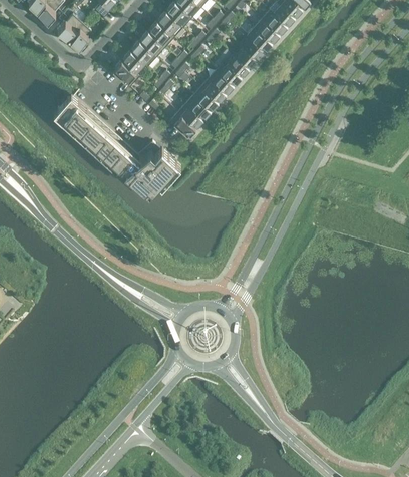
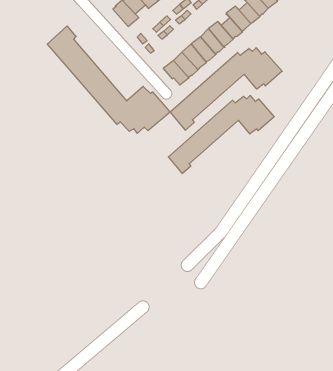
building: none -> [170,48,282,130]
building: none -> [168,95,274,174]

